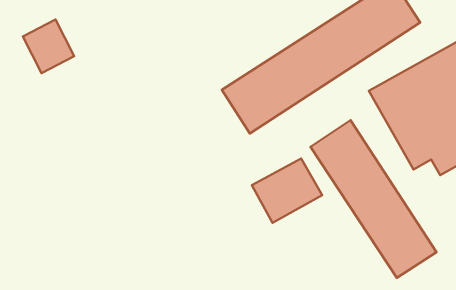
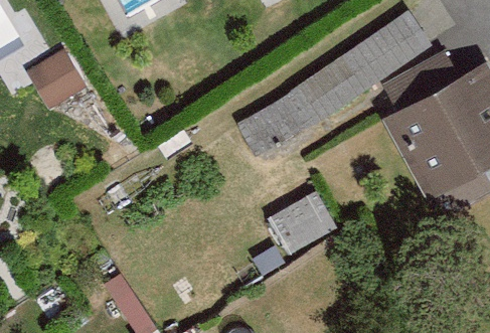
building: [311,120,436,278] -> none

